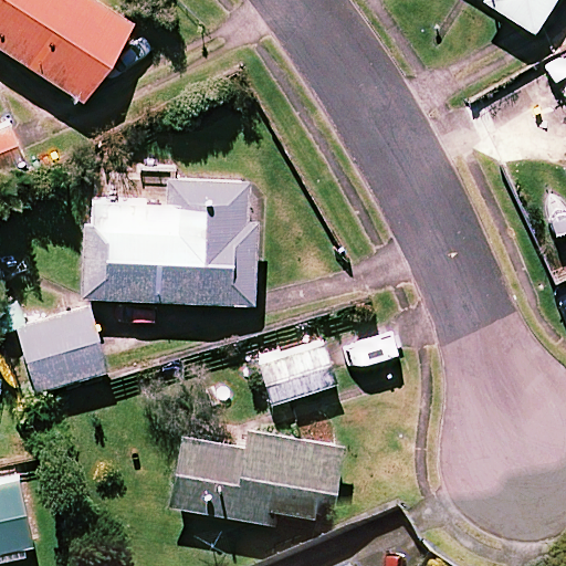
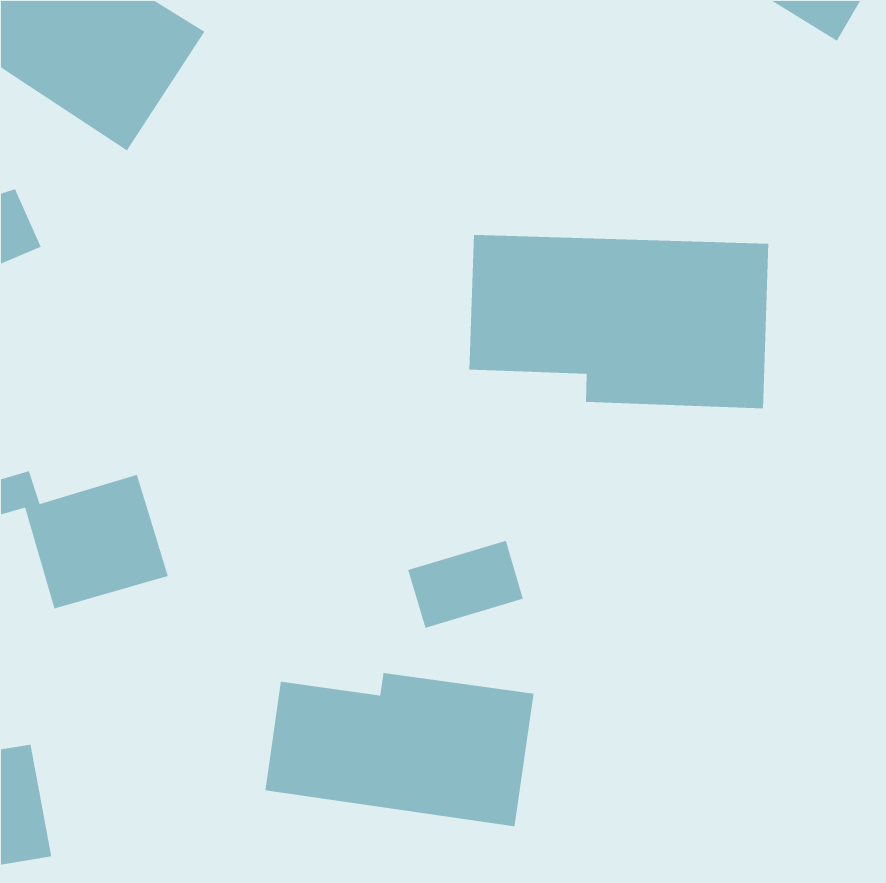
building: none -> [469,234,769,409]
building: [83,178,253,303] -> none

